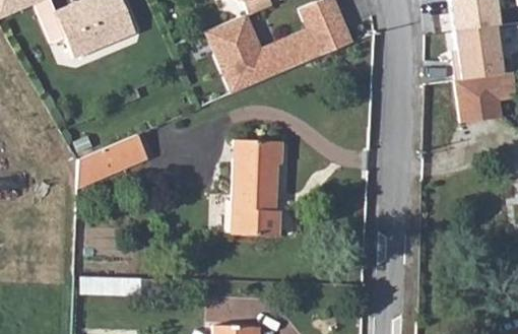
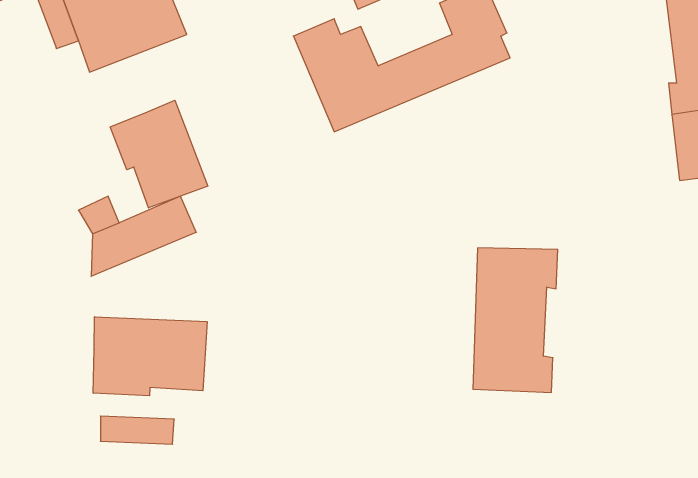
building: none -> [110,100,208,208]
building: [230,141,284,235] -> [473,248,558,392]
building: none -> [93,317,207,396]

